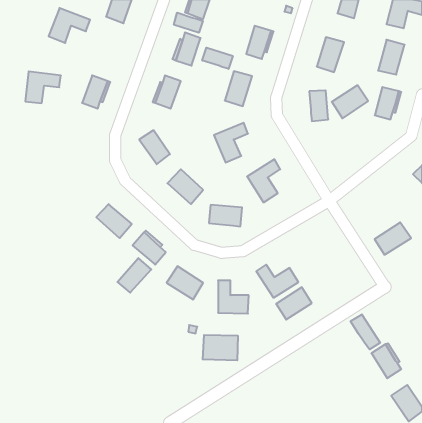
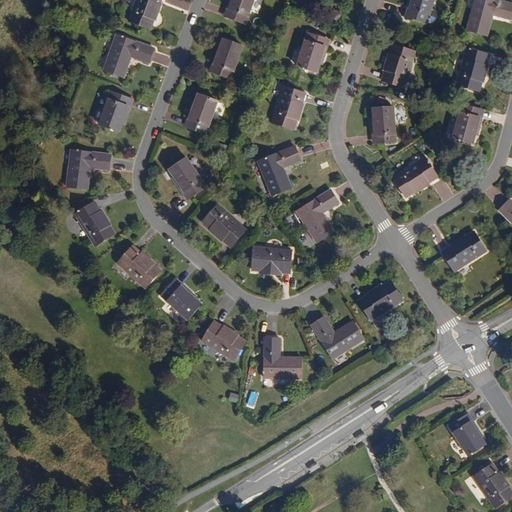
building: [49,8,90,43] -> [103,34,153,76]
building: [174,13,203,33] -> none
building: [202,48,233,69] -> none
building: [25,71,61,103] -> [67,149,110,187]
building: [332,85,368,118] -> [392,157,436,197]
building: none -> [74,202,113,246]
building: [375,222,411,255] -> [442,232,486,271]
building: [117,258,151,293] -> none
building: [276,287,312,320] -> [358,281,401,320]
building: [351,314,380,349] -> none
building: [203,335,238,360] -> none

